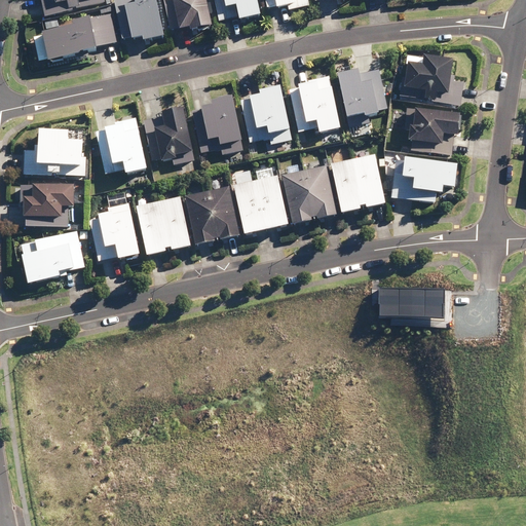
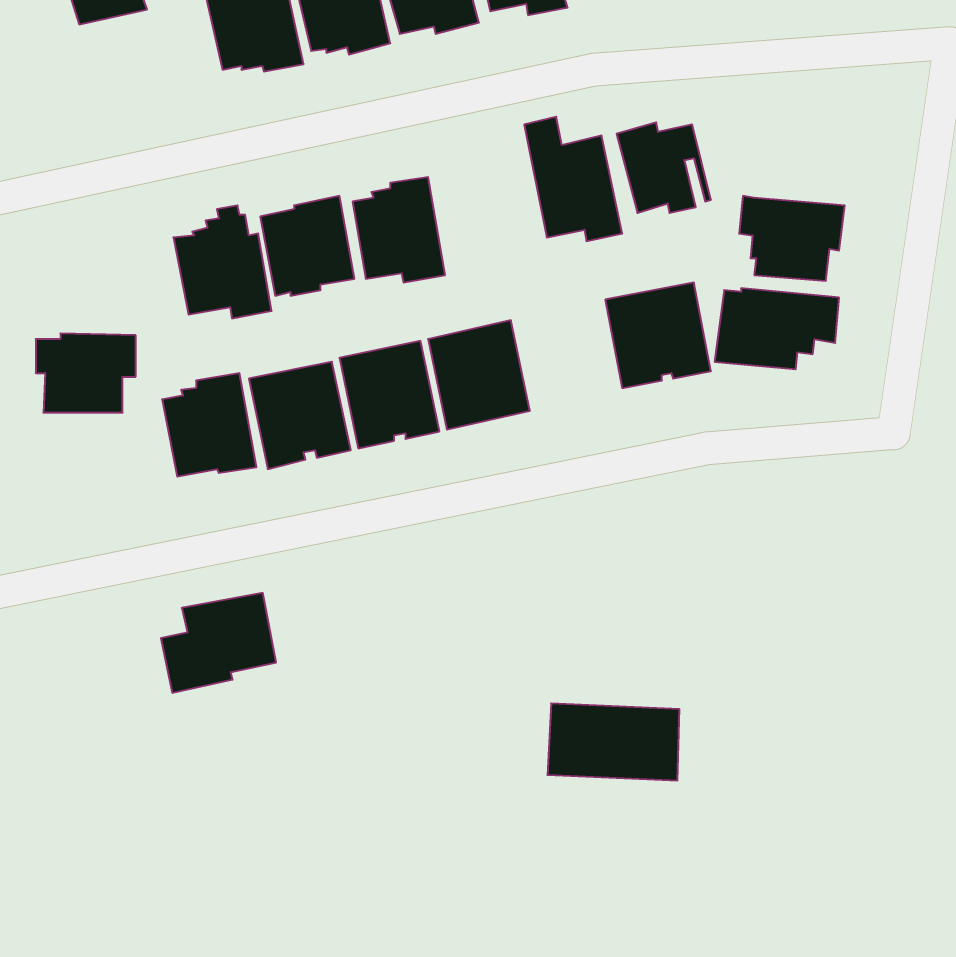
building: [40,12,115,59] -> none
building: [397,52,461,104] -> none
building: [235,75,291,144] -> none
building: [6,127,86,176] -> none
building: [284,166,337,222] -> none
building: [23,229,85,284] -> [161,593,276,693]
building: [369,290,441,332] -> [547,703,679,781]

